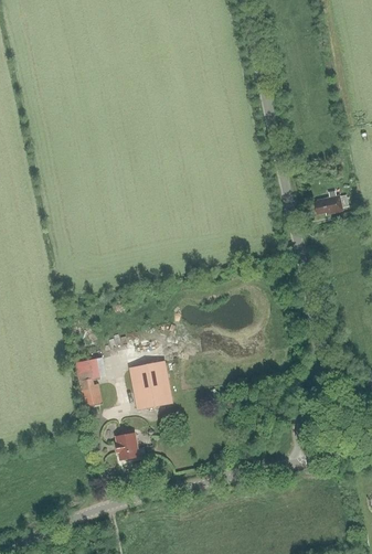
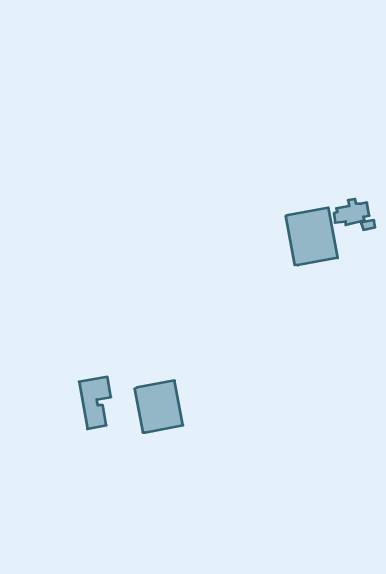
building: none -> [286,208,338,265]
building: [115,433,140,461] -> none

